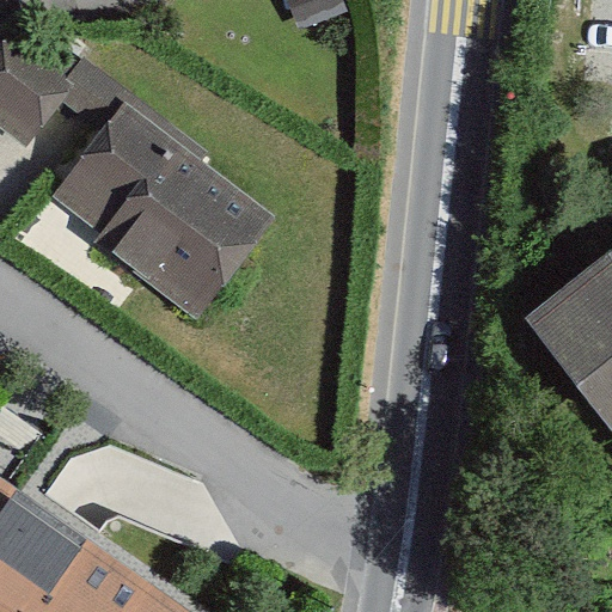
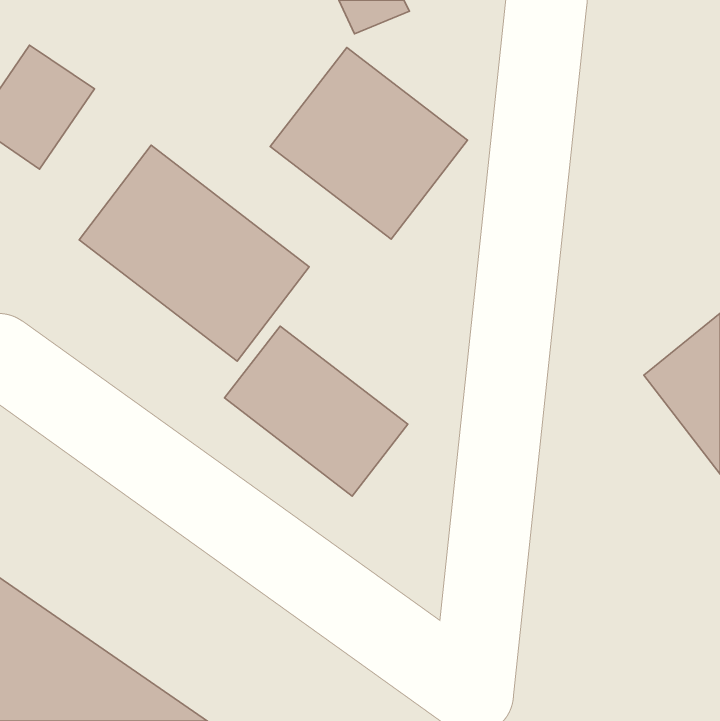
building: none -> [270,48,467,239]
building: none -> [224,326,408,496]

